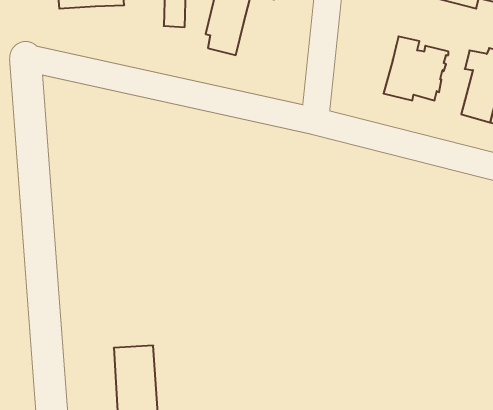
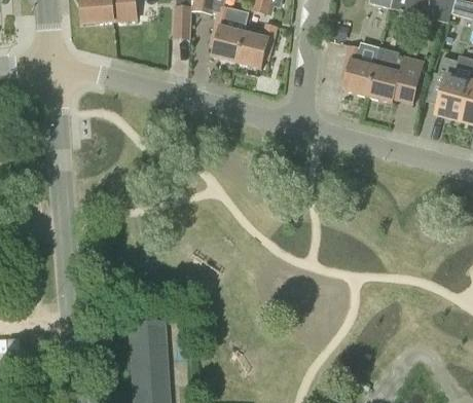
building: none -> [236,23,277,69]
building: none -> [341,45,375,96]

